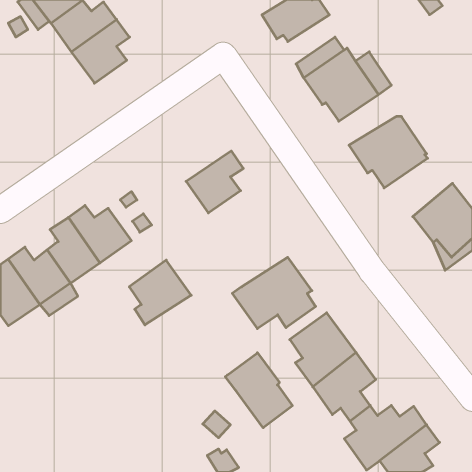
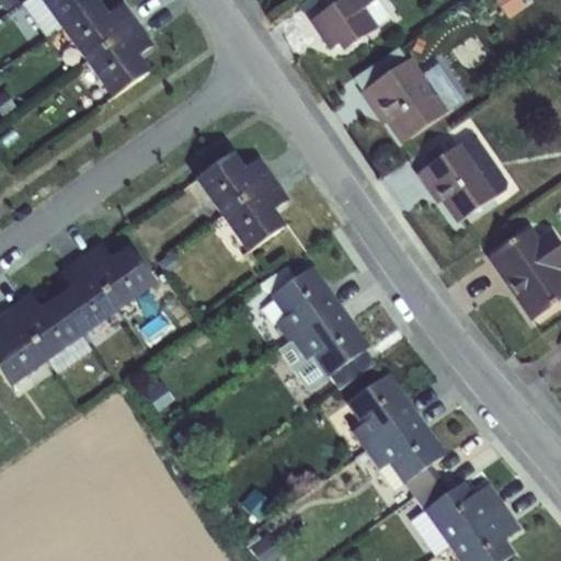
building: none -> [195,151,275,215]
building: [129,260,191,325] -> [268,263,342,340]
building: [225,353,292,428] -> none

